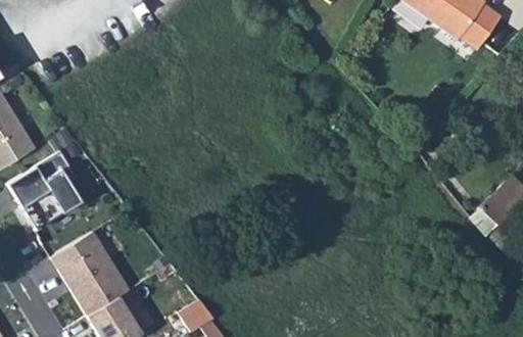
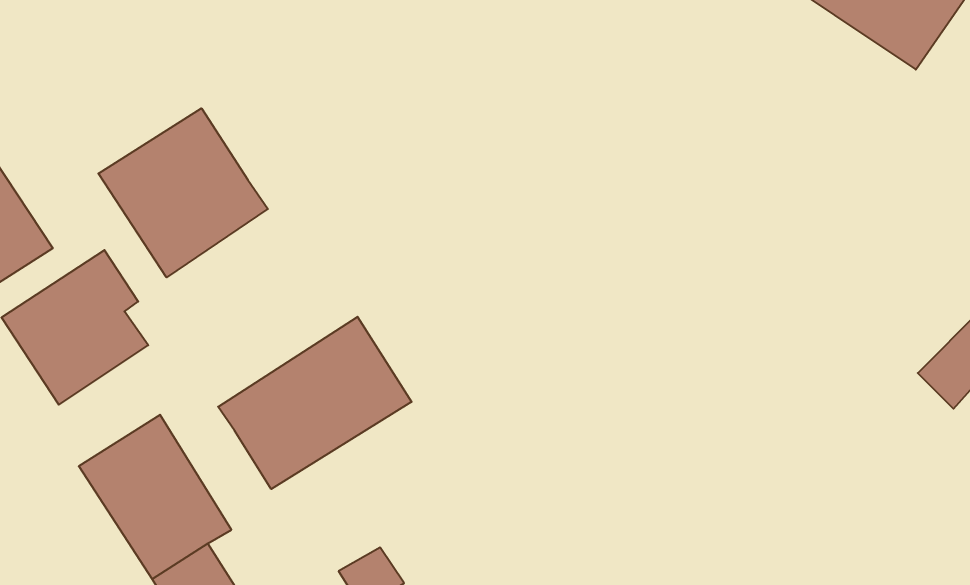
building: none -> [98,108,268,277]
building: none -> [218,317,412,489]

